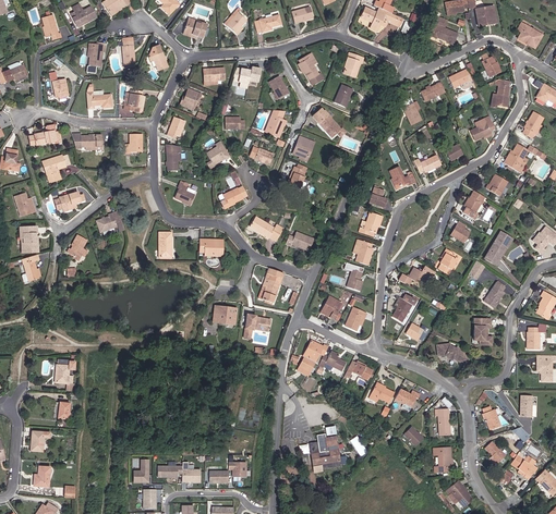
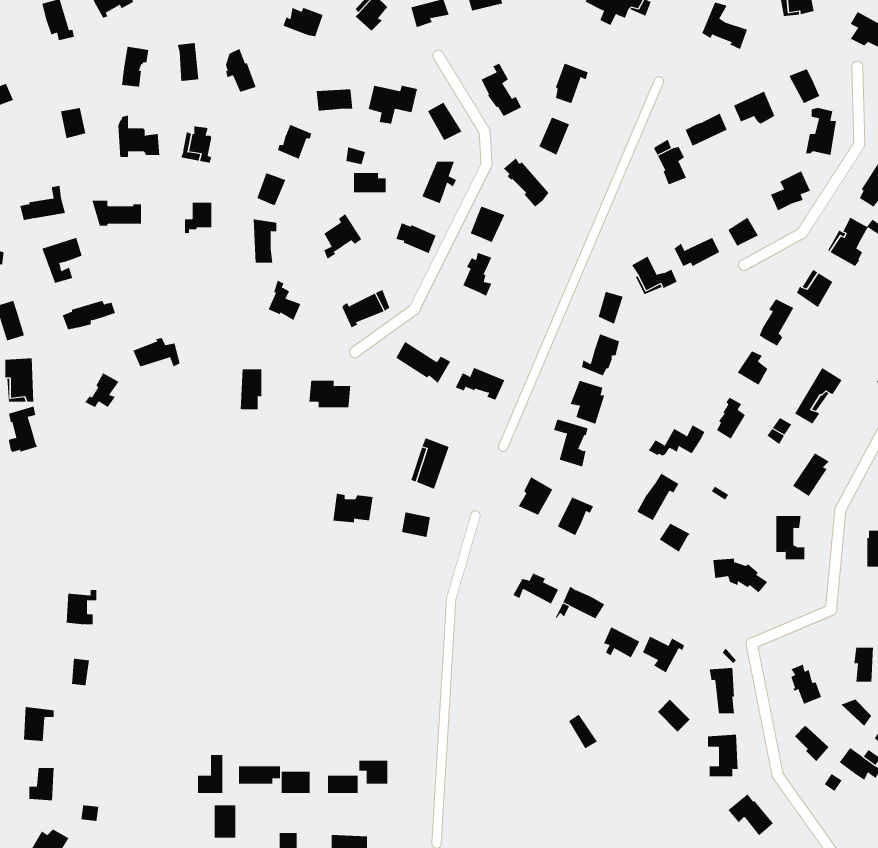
building: [298,340,328,375] -> none
building: [310,436,342,467] -> none

